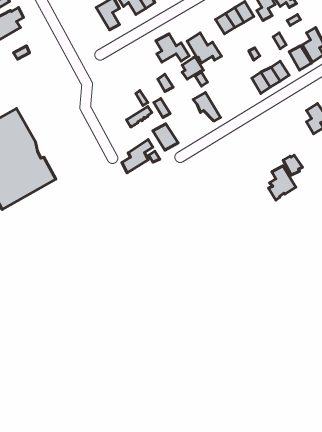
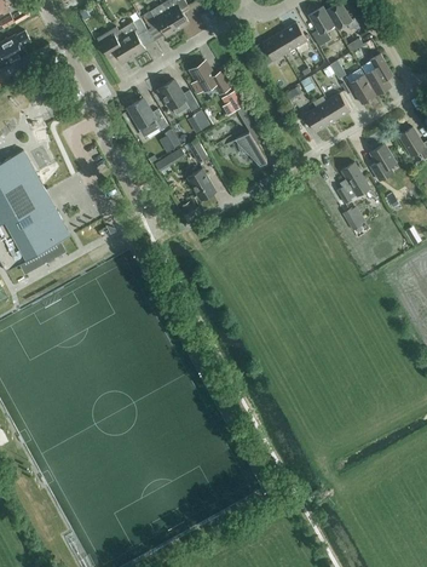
building: none -> [96,27,133,63]
building: [187,33,222,63] -> [157,79,198,115]
building: none -> [125,97,167,137]
building: [122,140,153,173] -> none
building: [269,166,296,200] -> [336,162,369,204]

